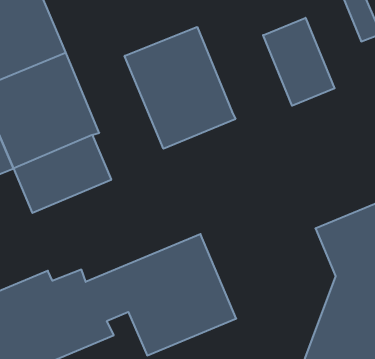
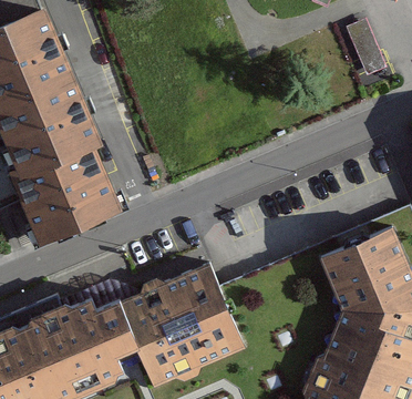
building: [263,18,335,106] -> none
building: [125,27,235,149] -> none

